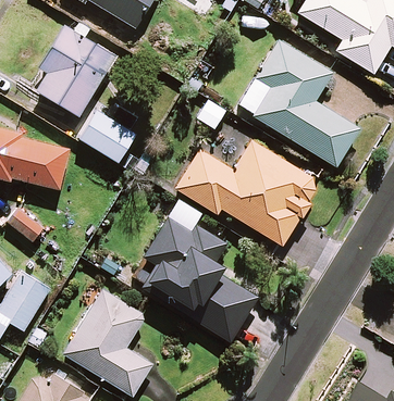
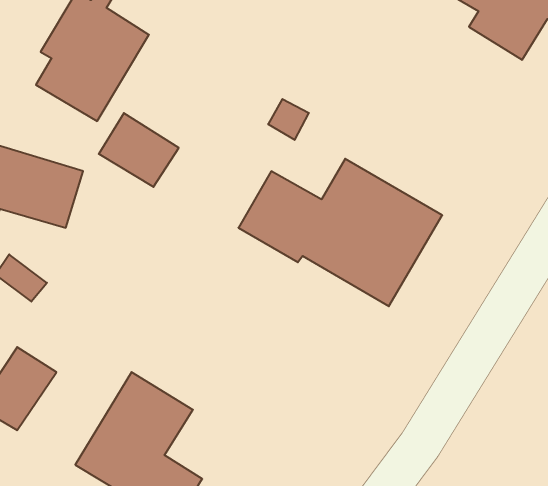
building: [253,39,359,166] -> none
building: [144,215,258,341] -> none

